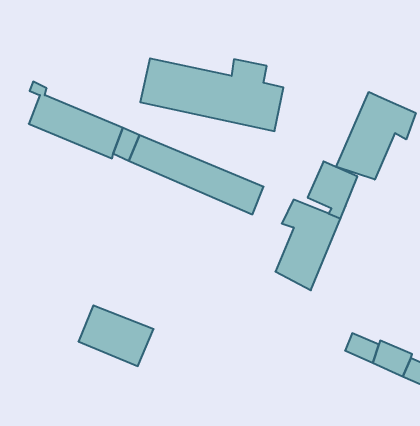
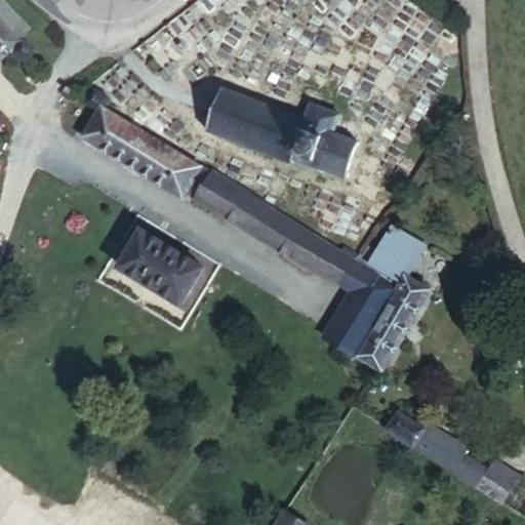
building: [336,92,416,180] -> none
building: none -> [307,241,353,283]
building: none -> [357,275,430,373]
building: [78,305,154,366] -> [119,229,201,300]

